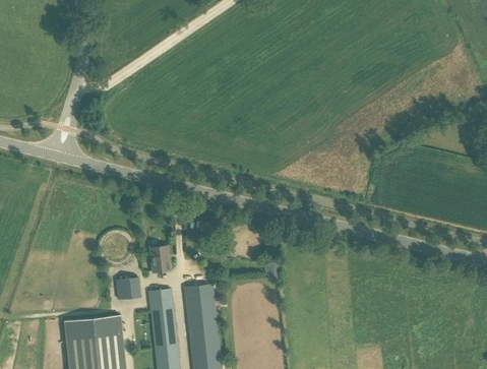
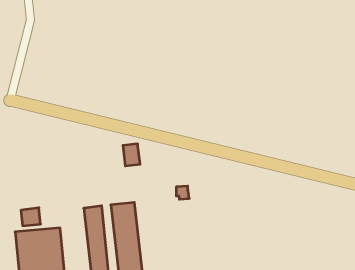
building: [148,245,170,272] -> [123,144,140,166]
building: [115,276,139,299] -> [21,208,41,226]

